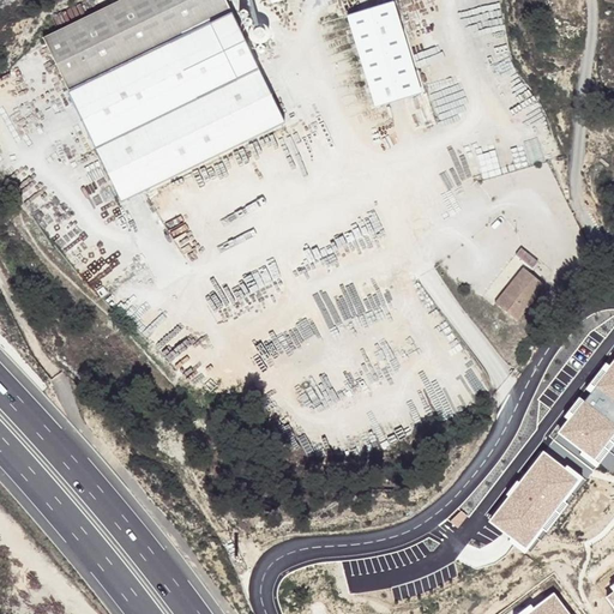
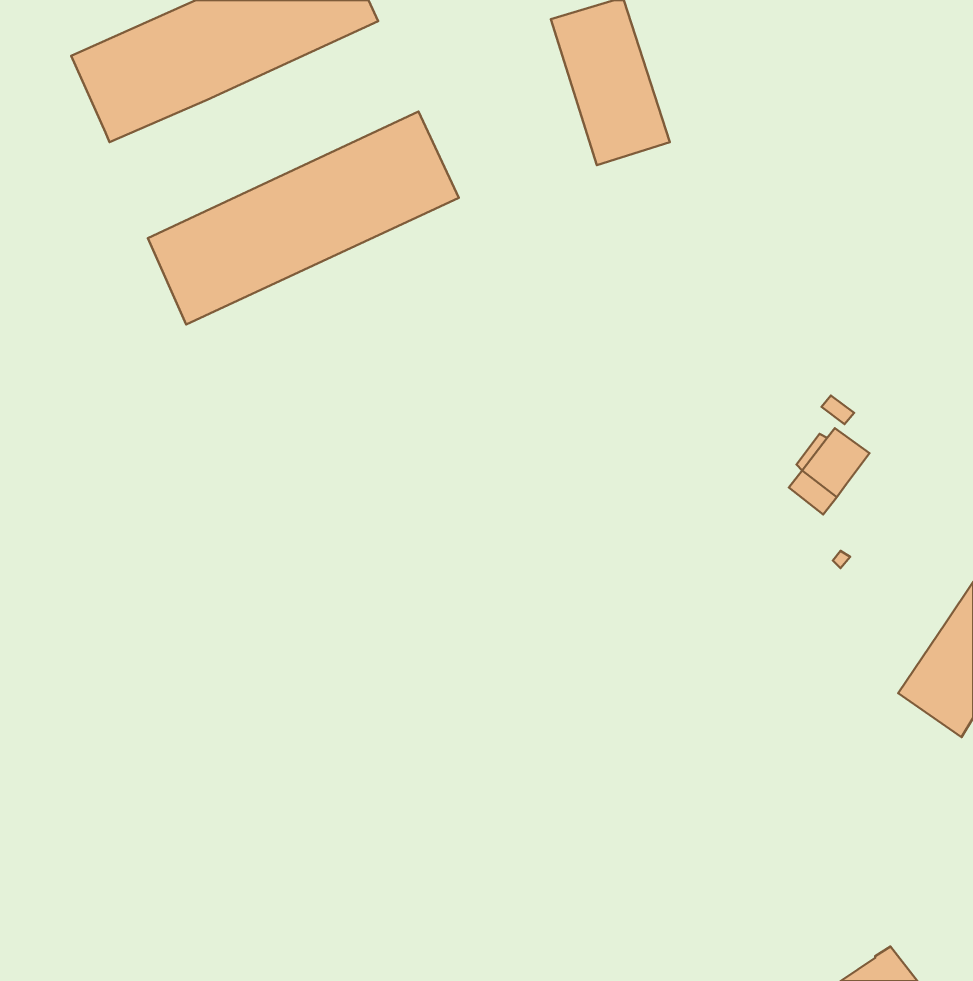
building: [66,13,261,148] -> none
building: [493,449,585,550] -> none

